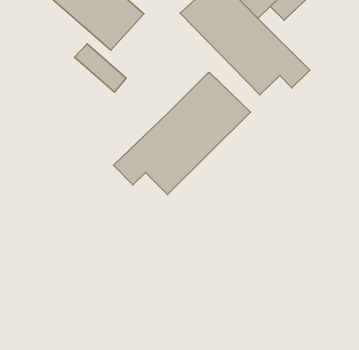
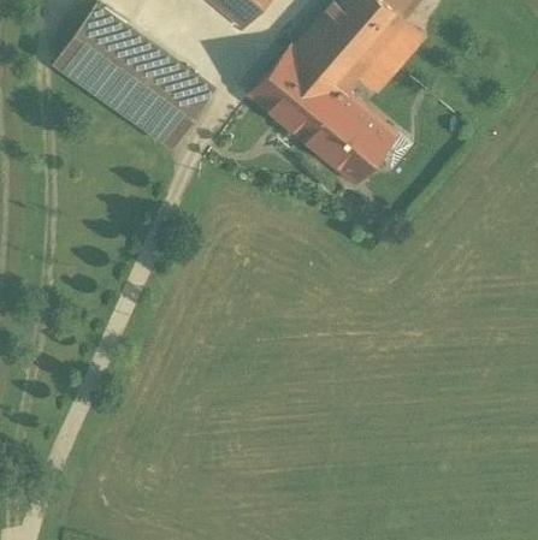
building: [74,44,126,92] -> none
building: [113,72,251,194] -> none

